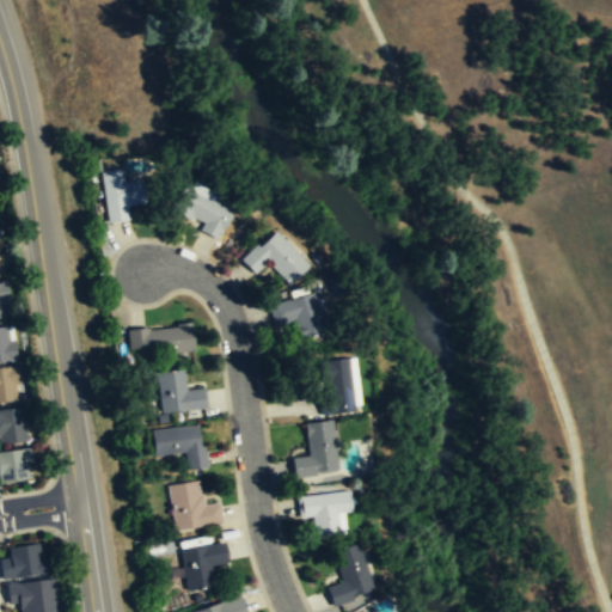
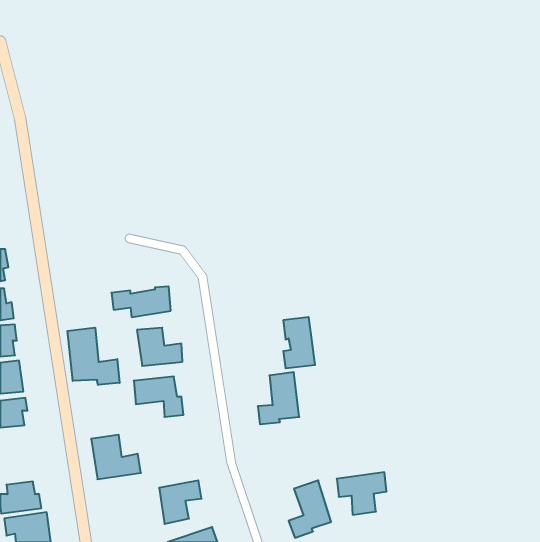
building: [103,169,147,222] -> none
building: [171,183,234,239] -> none
building: [240,231,310,286] -> none
building: [270,290,333,339] -> none
building: none -> [67,328,120,385]
building: [169,481,225,531] -> [91,435,141,479]
building: [298,489,354,537] -> [337,472,387,515]

